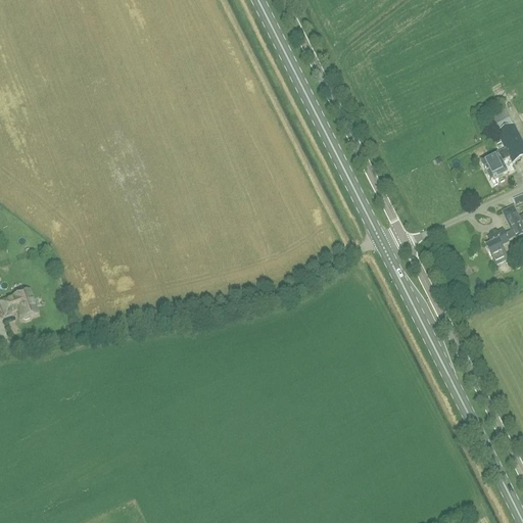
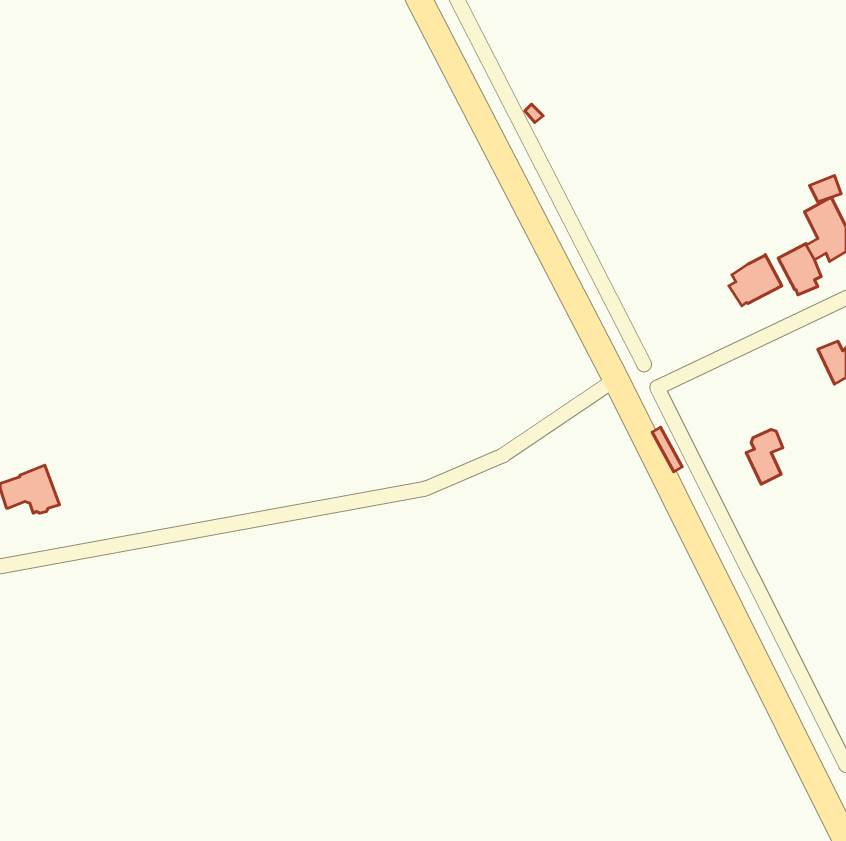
building: none -> [729,254,782,306]
building: [486,230,509,264] -> [746,429,783,484]

